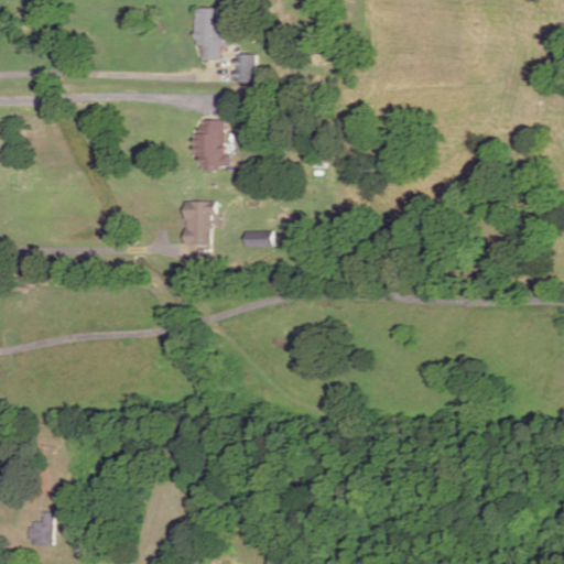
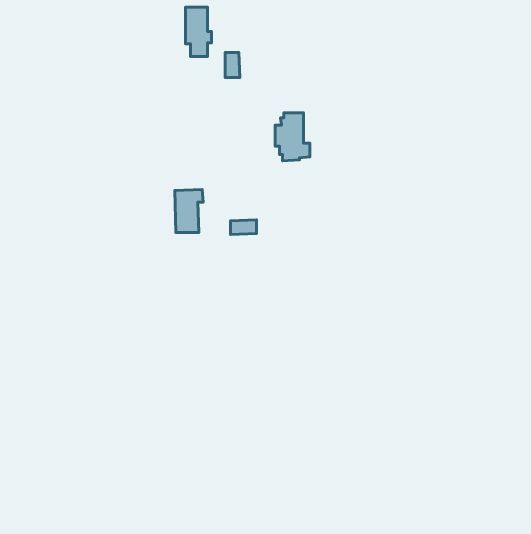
building: [193,120,229,171] -> [275,113,310,161]
building: [34,512,53,544] -> none

